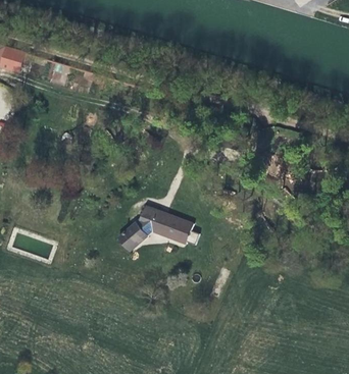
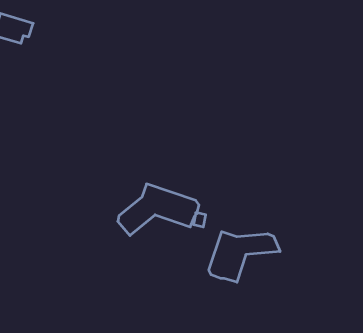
building: none -> [209,232,280,282]

